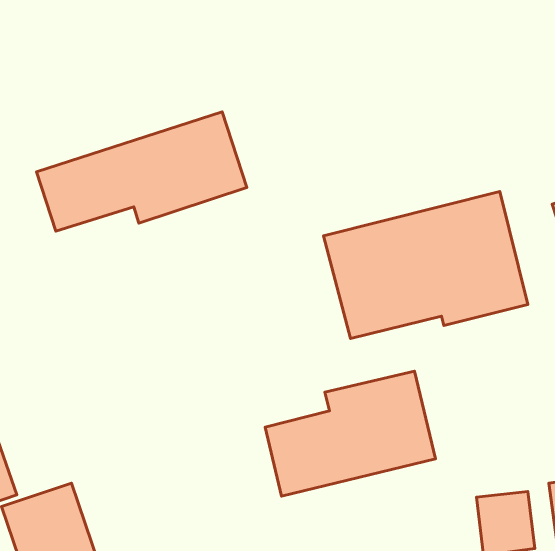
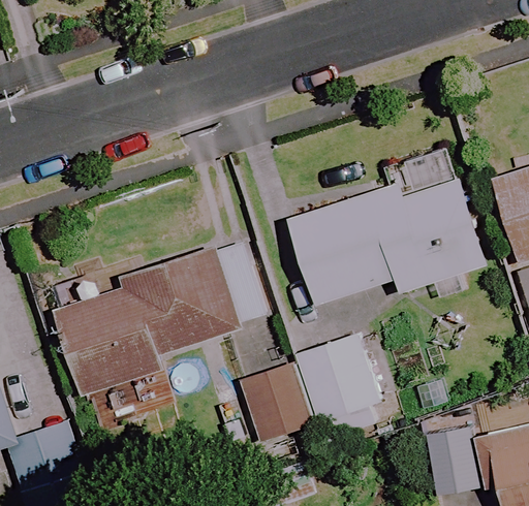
building: [36,112,247,231] -> none
building: none -> [57,249,238,393]

